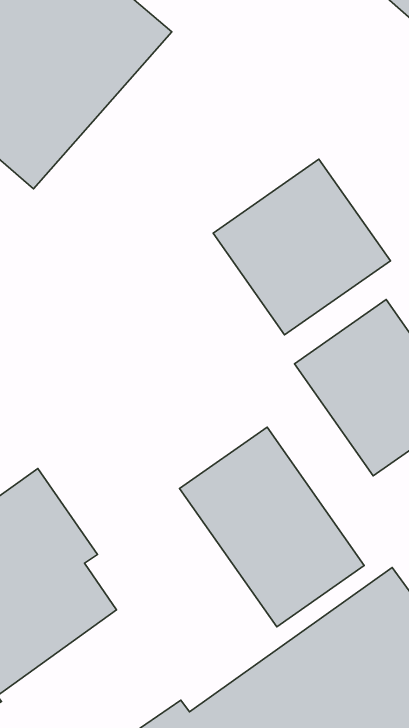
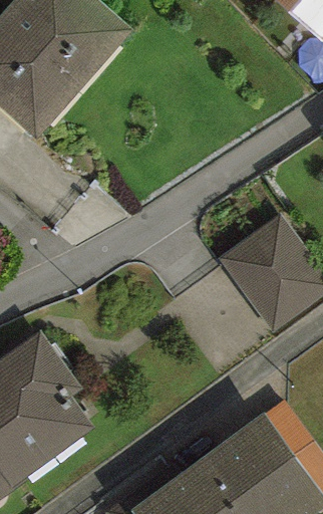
building: [213,159,390,335] -> none
building: [180,427,364,627] -> none

